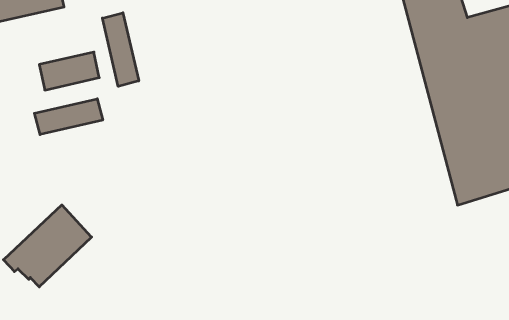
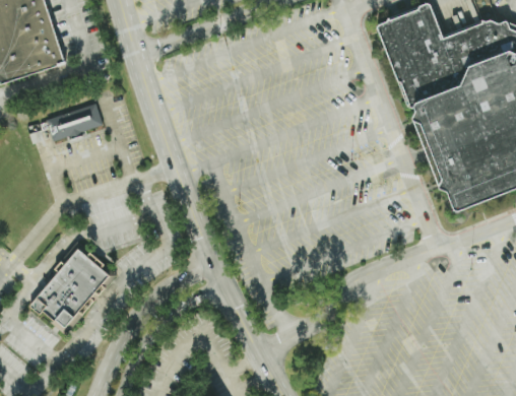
building: [102,13,139,86] -> none
building: [34,99,103,135] -> none

